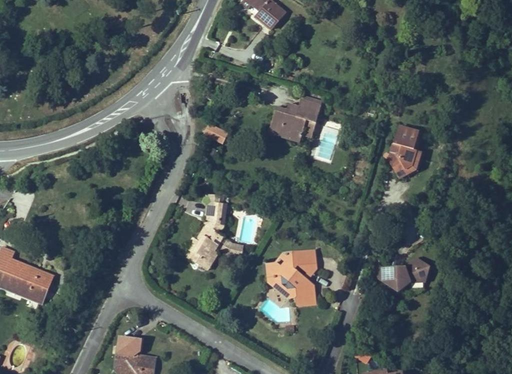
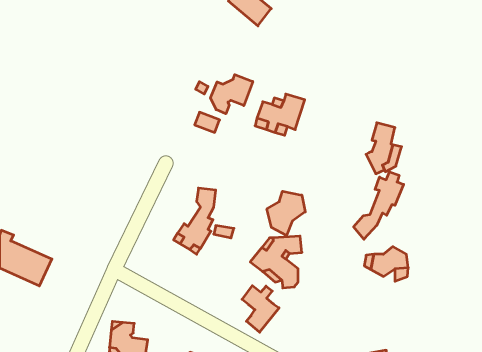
building: none -> [211,75,253,114]
building: none -> [354,172,404,239]
building: none -> [267,191,305,236]
building: none -> [242,286,279,332]

